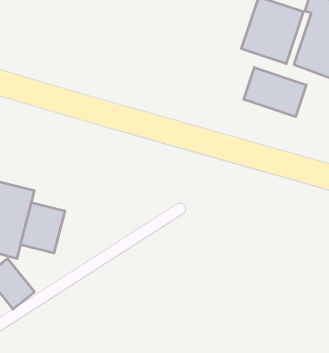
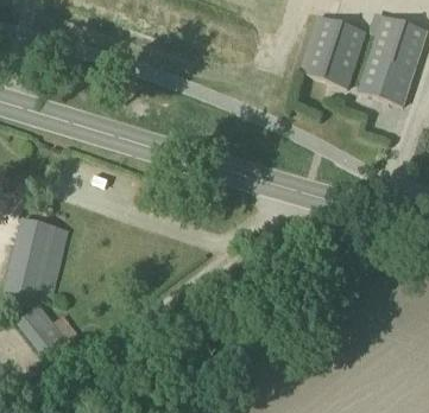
building: [244,67,306,117] -> none
building: [21,202,65,253] -> none

